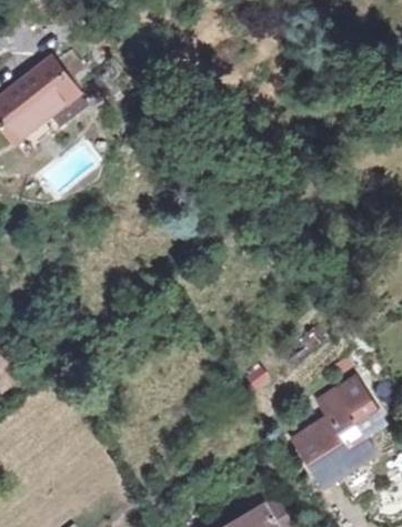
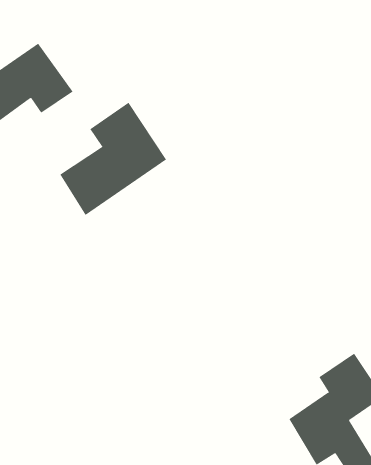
building: none -> [59,102,167,216]

